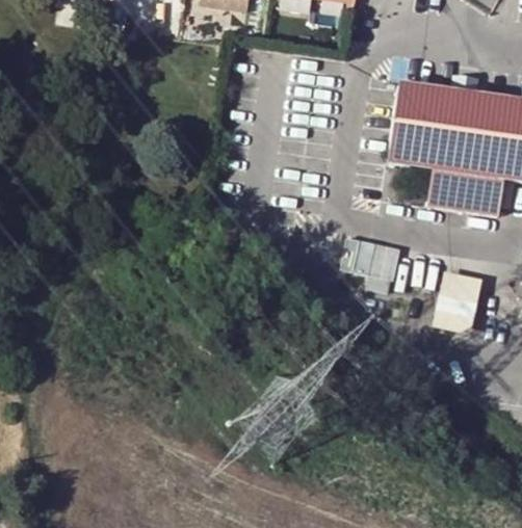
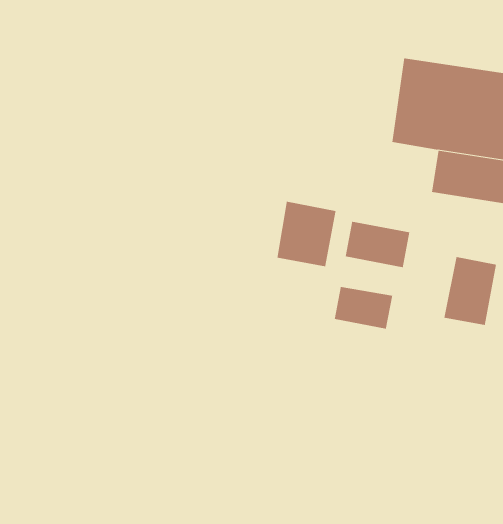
building: none -> [277,201,336,267]
building: none -> [334,286,393,329]

